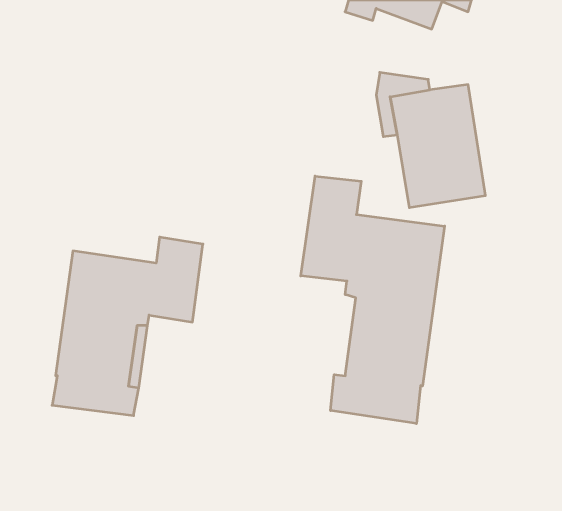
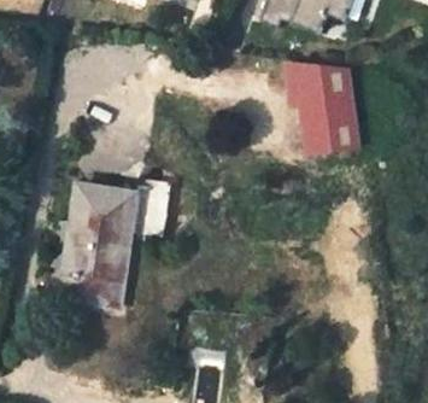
building: [301,176,445,424] -> none

